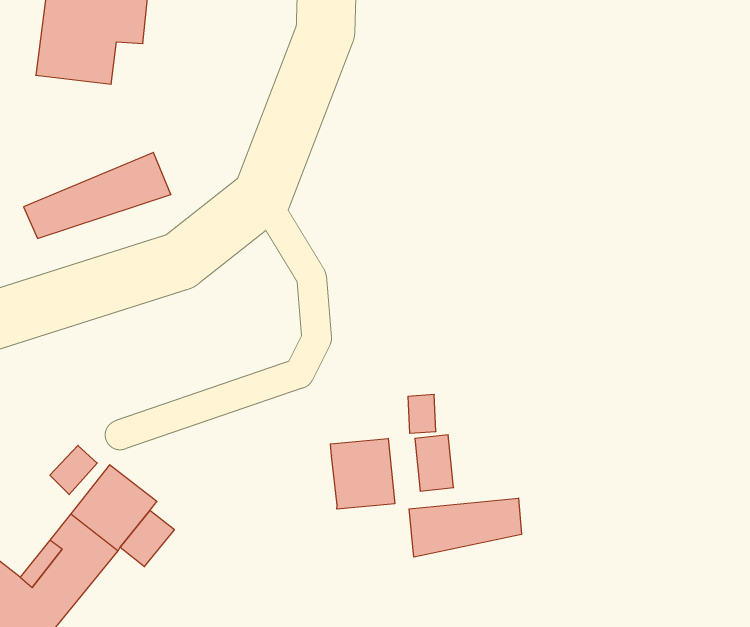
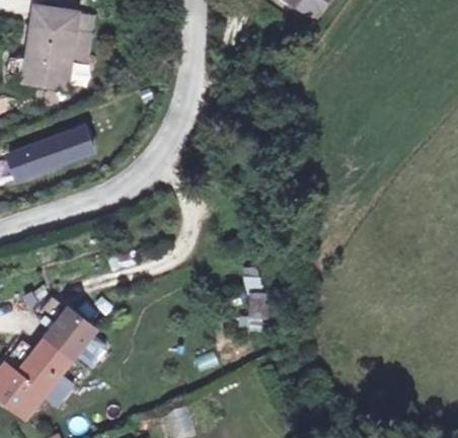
building: [330,438,395,509] -> none
building: [409,498,522,557] -> none

